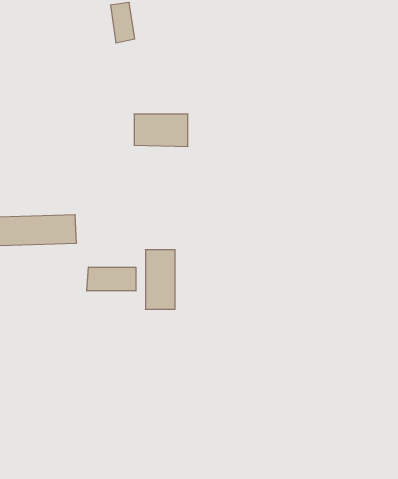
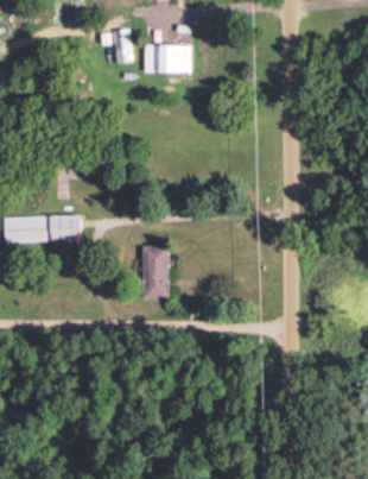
building: [134,114,188,146] -> [144,45,191,74]
building: [87,267,136,291] -> none

